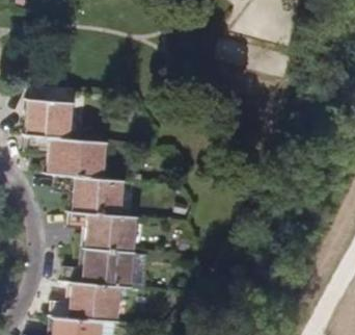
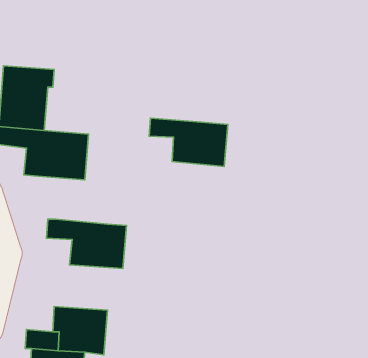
building: [56,178,120,217] -> [149,118,228,166]
building: [63,251,144,289] -> none

